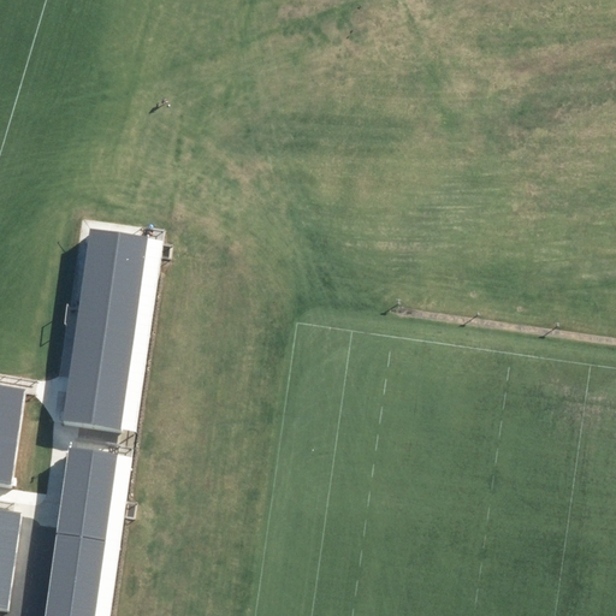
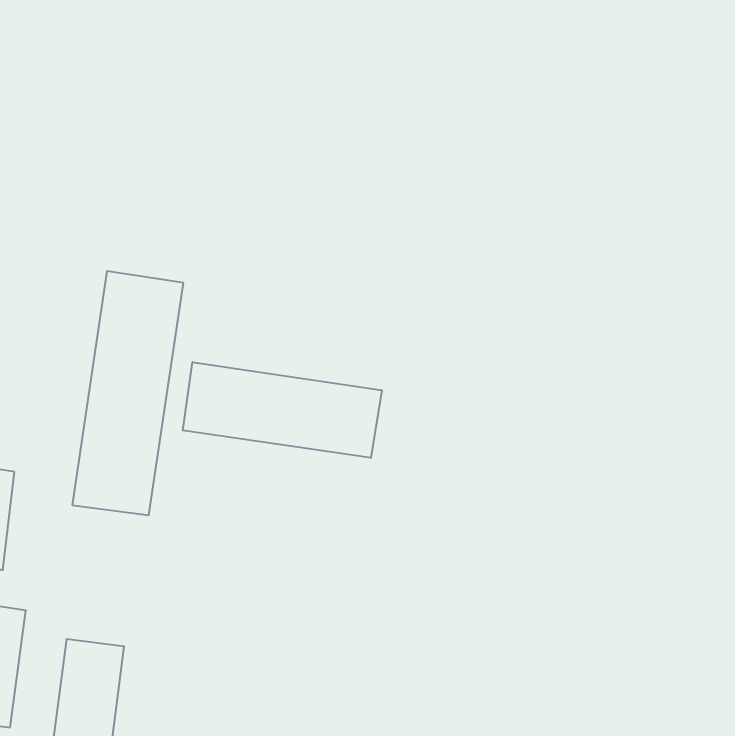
building: none -> [183,362,382,458]
building: [55,446,117,540] -> none

